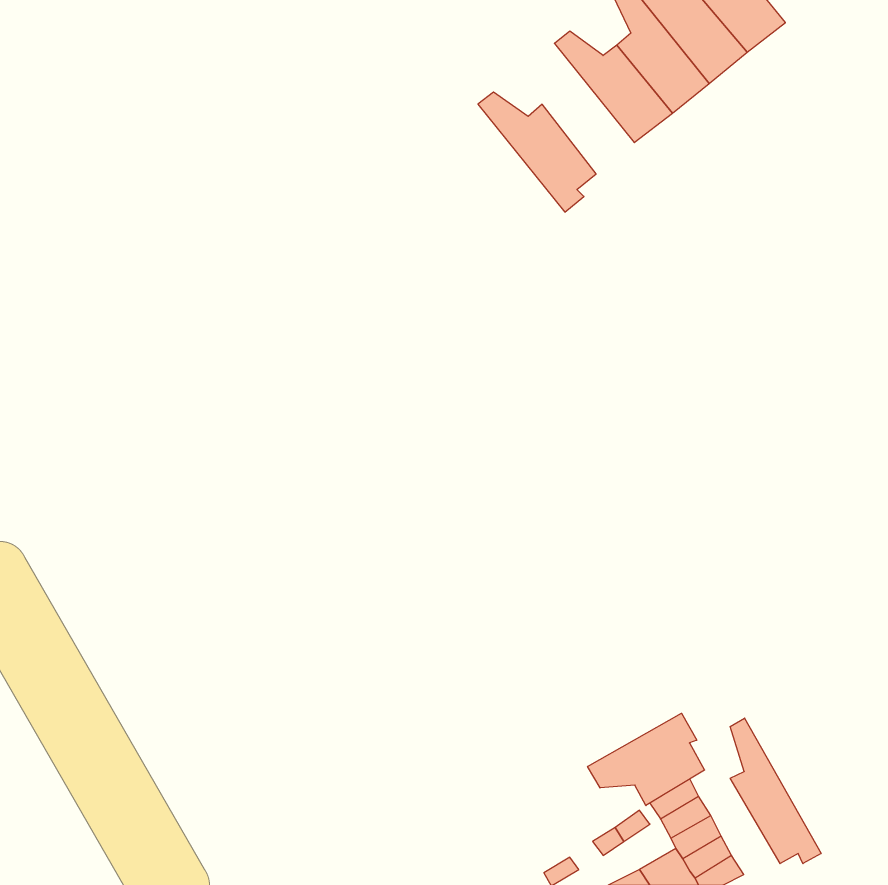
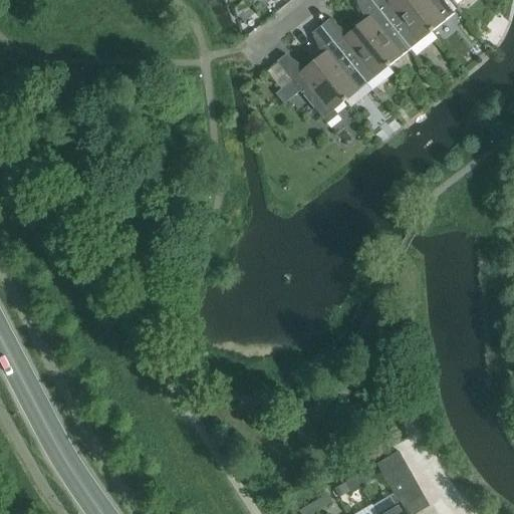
building: none -> [311,25,366,100]
building: [588,713,705,806] -> none
building: [730,718,821,864] -> none

